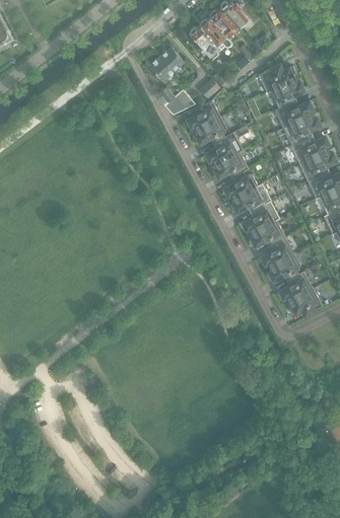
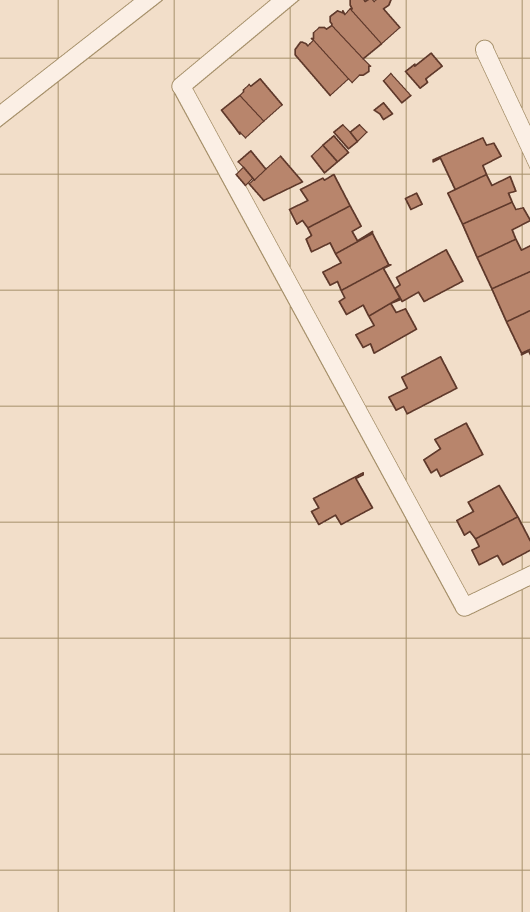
building: [259,65,296,92] -> none
building: [233,183,271,212] -> [395,250,463,302]
building: [252,218,285,246] -> [312,473,372,524]
building: [270,254,303,281] -> none

